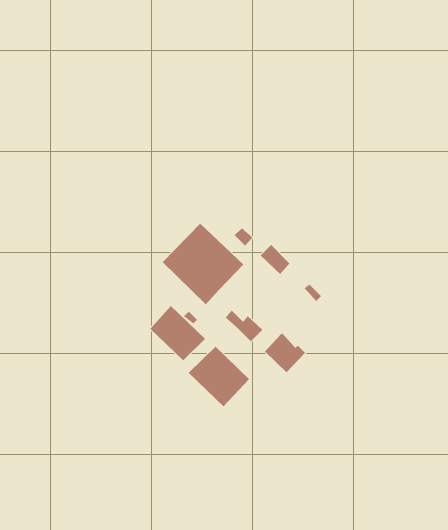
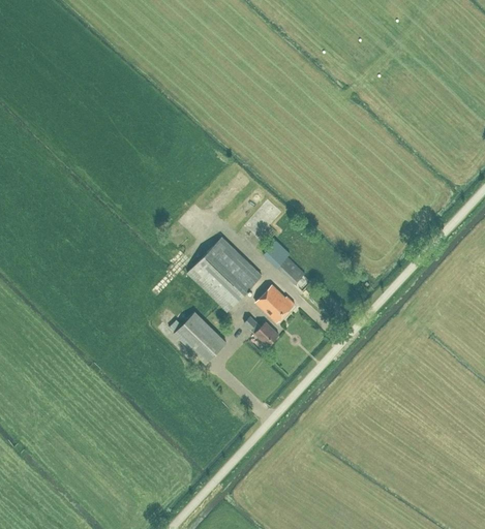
building: [264,332,306,373] -> [255,284,294,321]
building: [188,346,250,407] -> none

